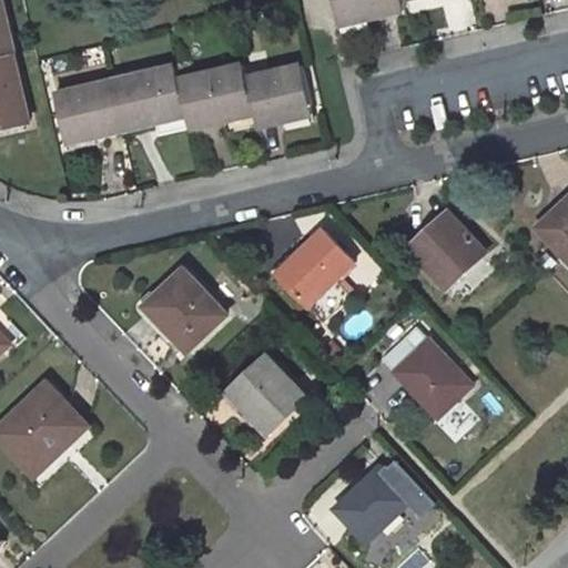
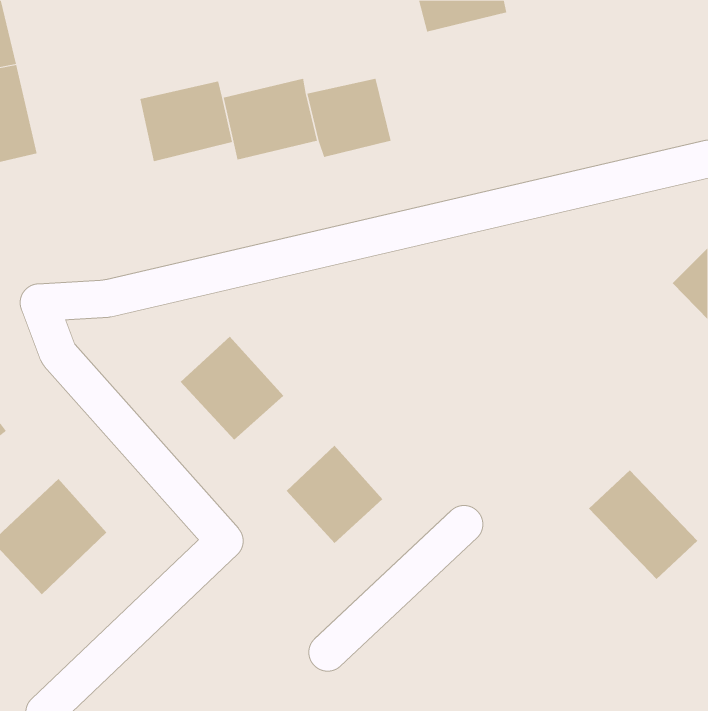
building: [57,80,122,143] -> none
building: [407,212,484,287] -> none
building: [276,231,353,318] -> none
building: [382,327,469,415] -> [588,470,698,580]
building: [334,466,418,542] -> none

